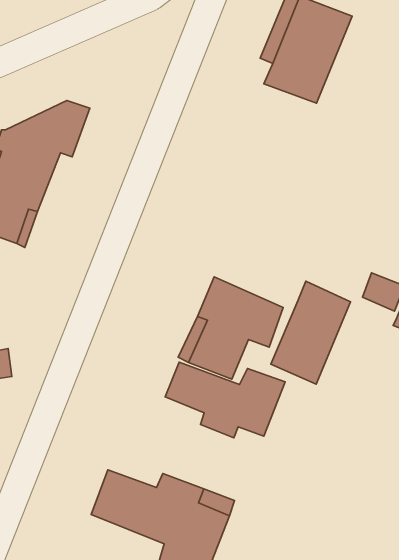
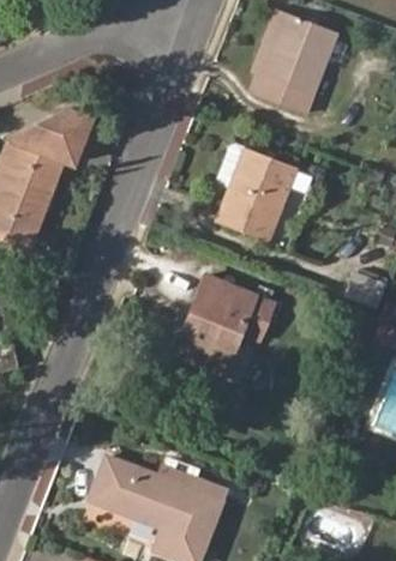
building: none -> [220,145,296,241]
building: [271,281,350,384] -> none
building: [165,362,285,438] -> none

